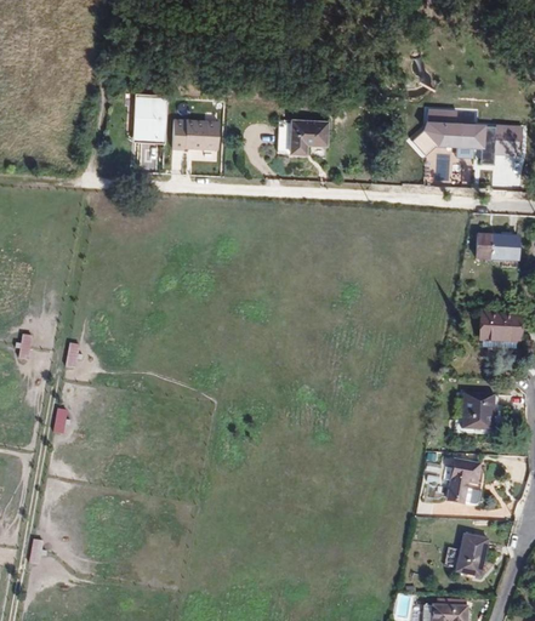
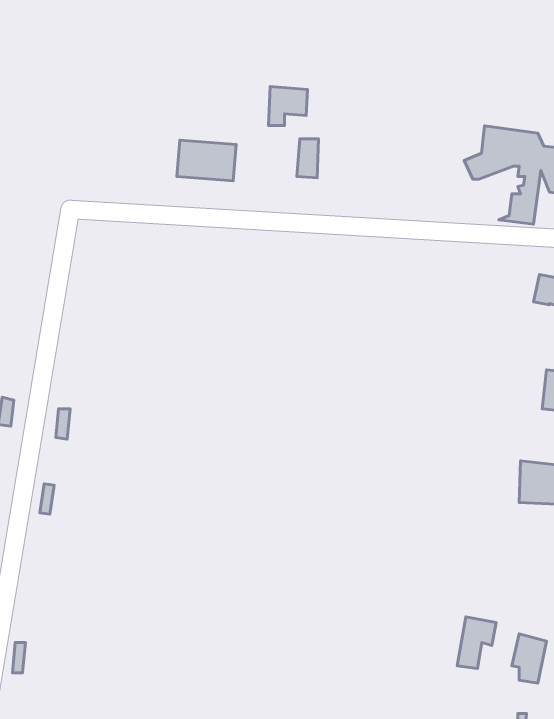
building: [131,93,170,144] -> none
building: [291,118,324,150] -> [269,87,308,126]
building: [444,462,477,506] -> [457,617,496,669]

